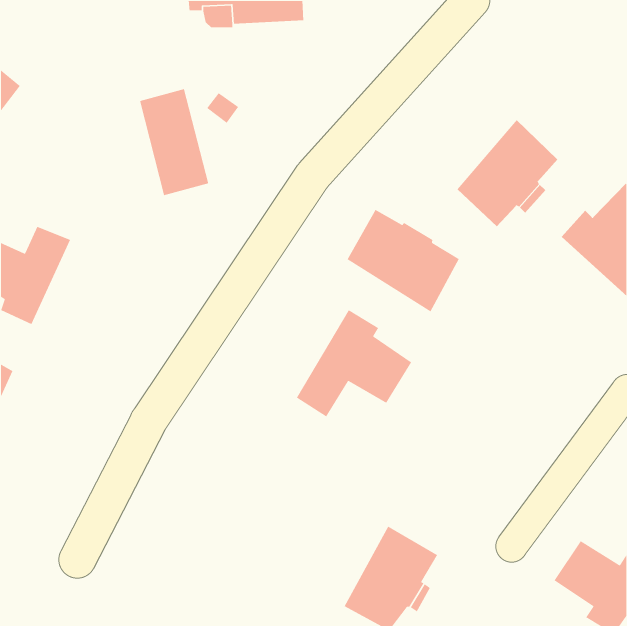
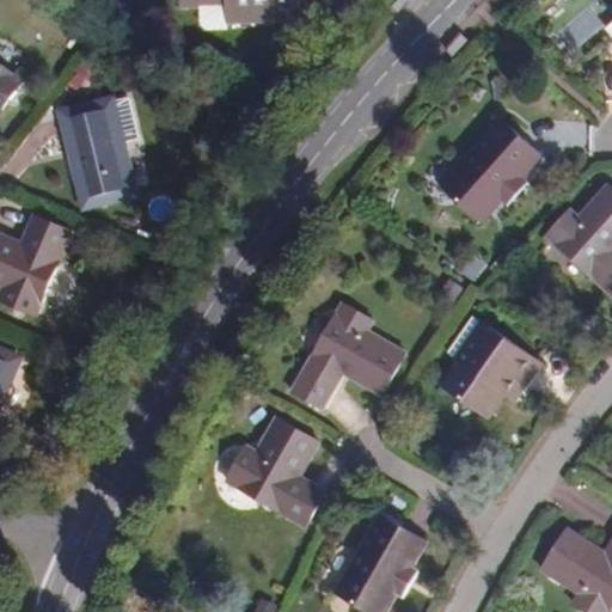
building: [139,88,209,196] -> [61,102,129,207]
building: [347,209,460,312] -> none
building: none -> [437,318,539,415]
building: none -> [225,416,322,526]

